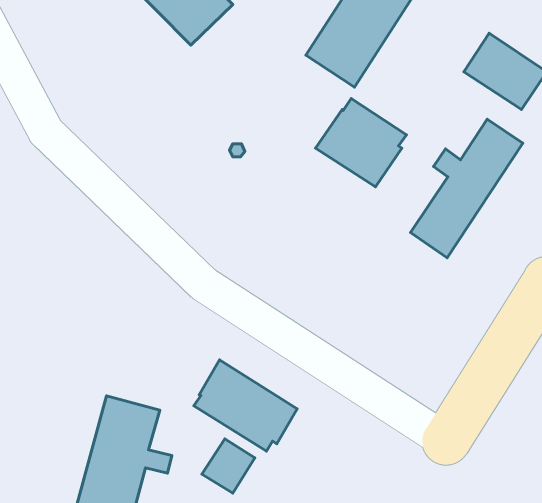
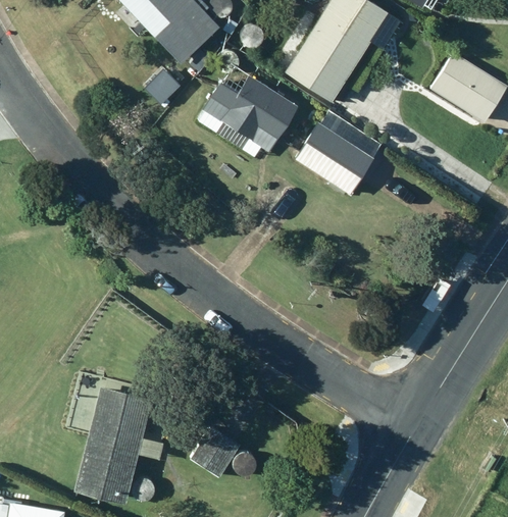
building: none -> [196,76,298,157]
building: [410,119,523,258] -> none
building: [194,360,297,451] -> none

